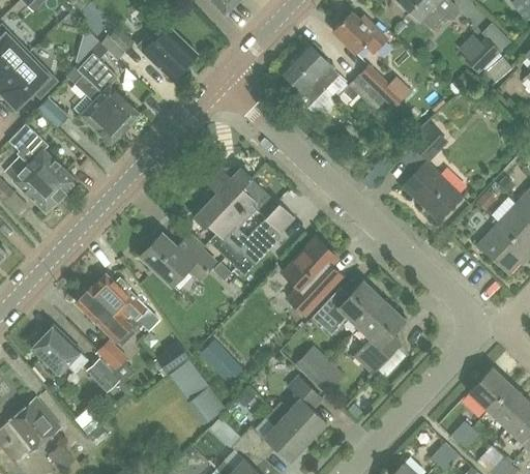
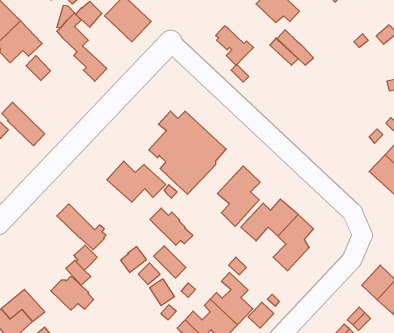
building: [464,36,500,72] -> none
building: [291,42,338,86] -> none
building: [75,73,124,144] -> none
building: [8,122,76,197] -> none
building: [400,126,462,220] -> none
building: [91,272,146,320] -> [150,208,193,245]
building: [31,329,86,373] -> [51,276,94,310]
building: [310,359,343,392] -> [248,302,274,328]

